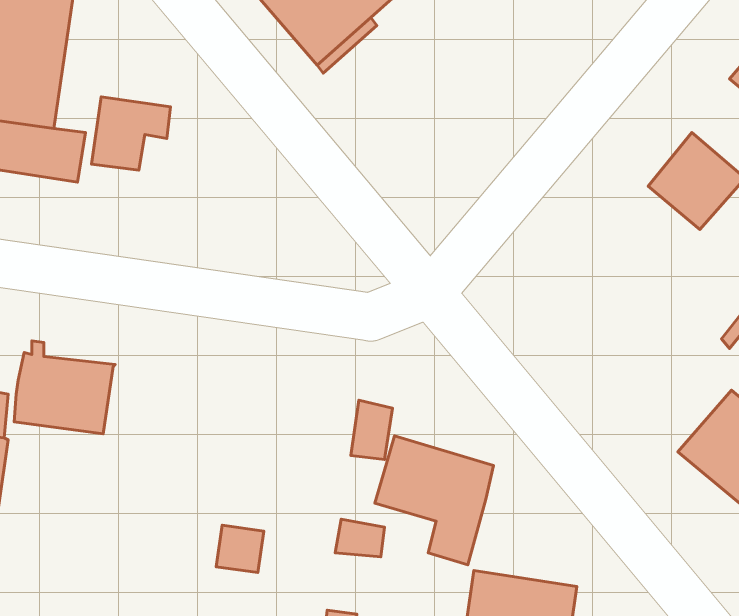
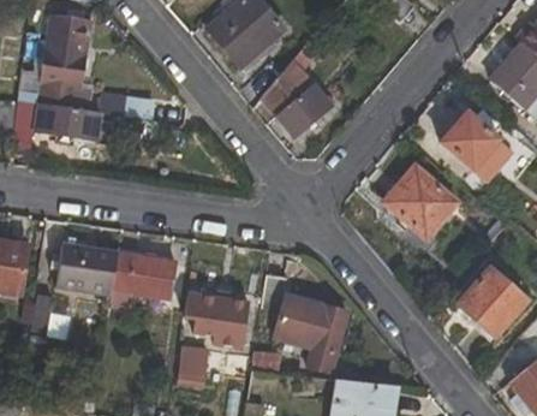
building: none -> [262,40,333,137]
building: none -> [383,165,459,239]
building: none -> [109,252,177,308]
building: none -> [183,292,249,345]

